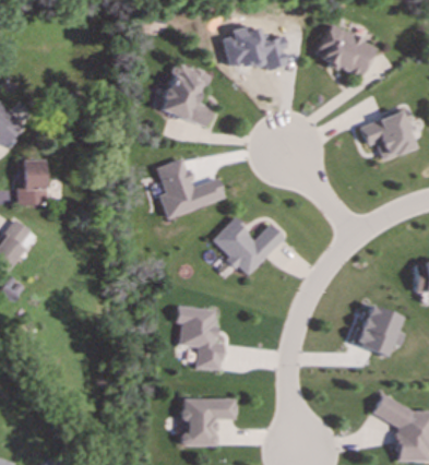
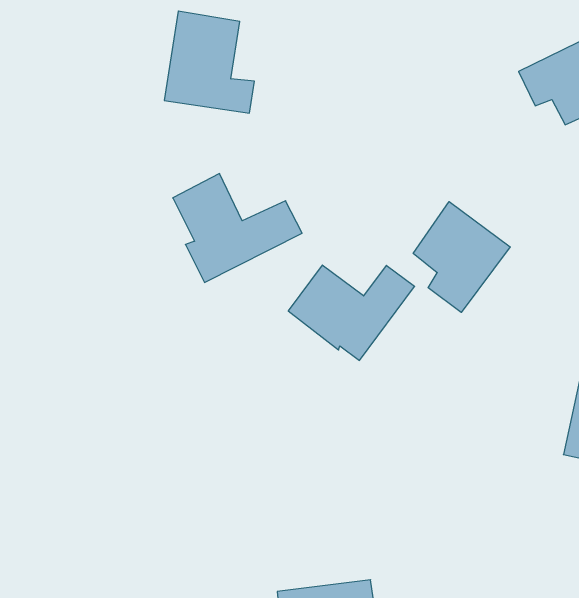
building: none -> [413,202,510,312]
building: [176,306,224,370] -> none

